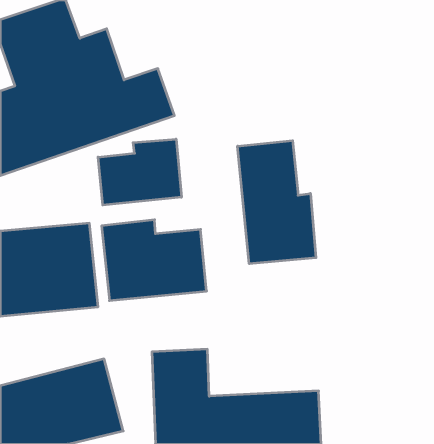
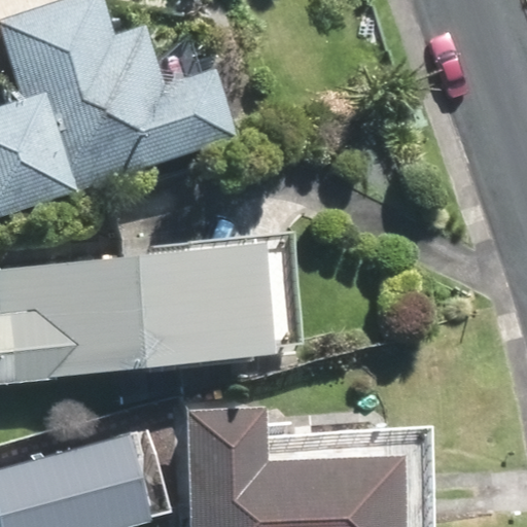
building: [98,139,181,205] -> none
building: [238,141,316,264] -> none

